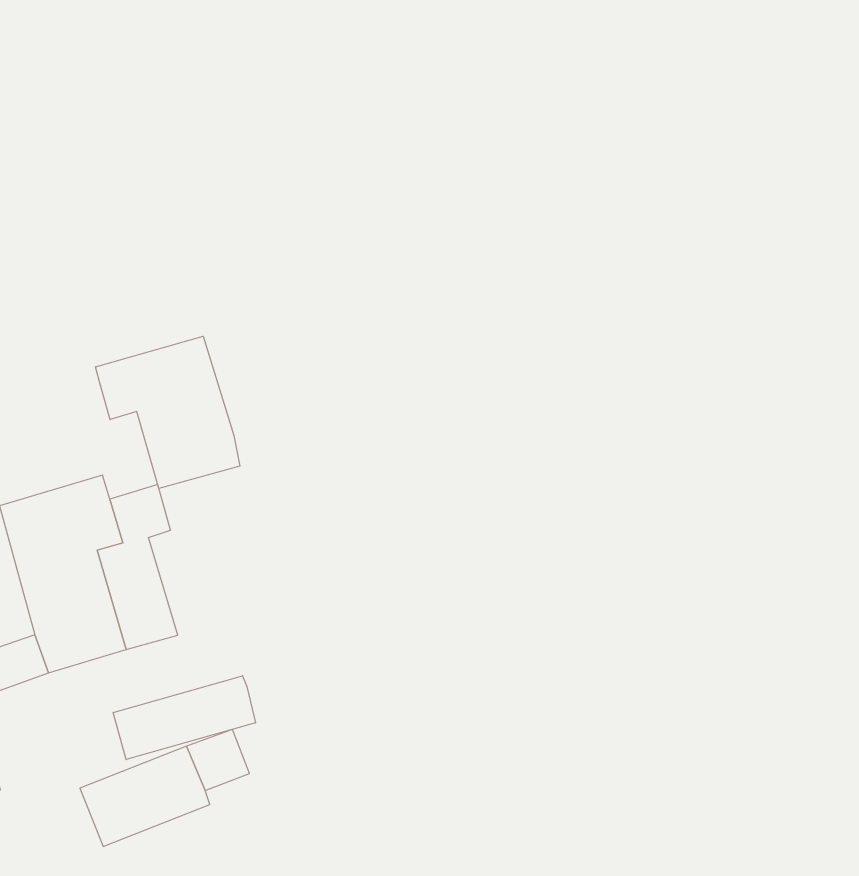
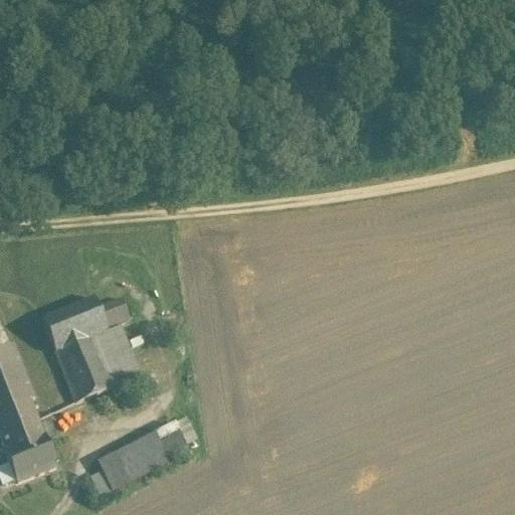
building: [96,336,240,489] -> none
building: [113,676,255,760] -> none

